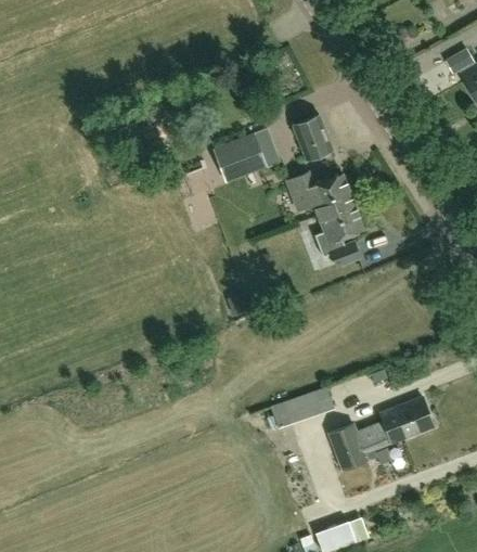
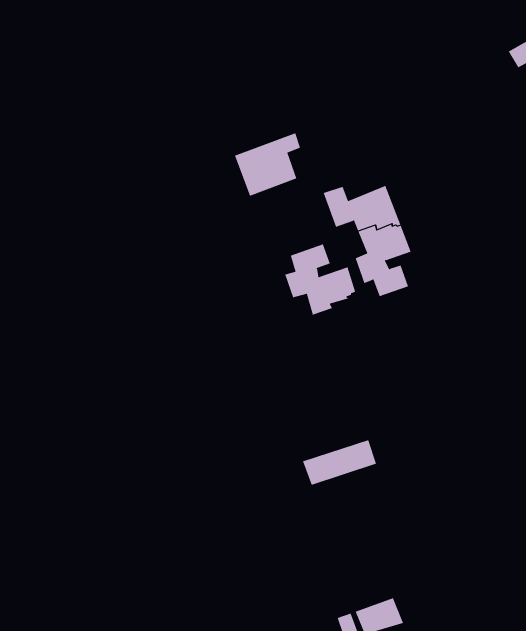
building: [294,115,333,158] -> none
building: none -> [284,243,356,316]
building: [330,396,435,468] -> none

